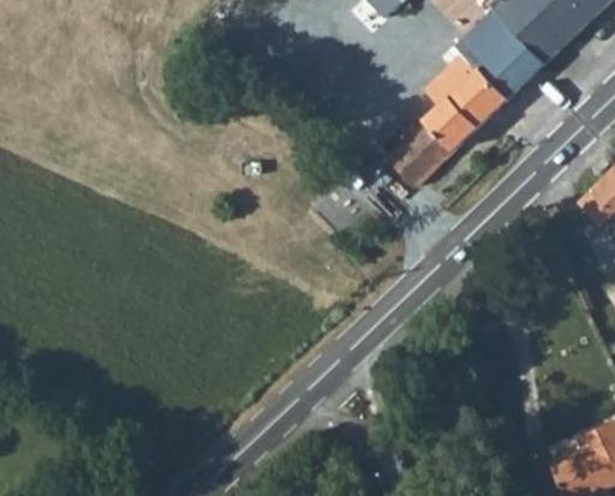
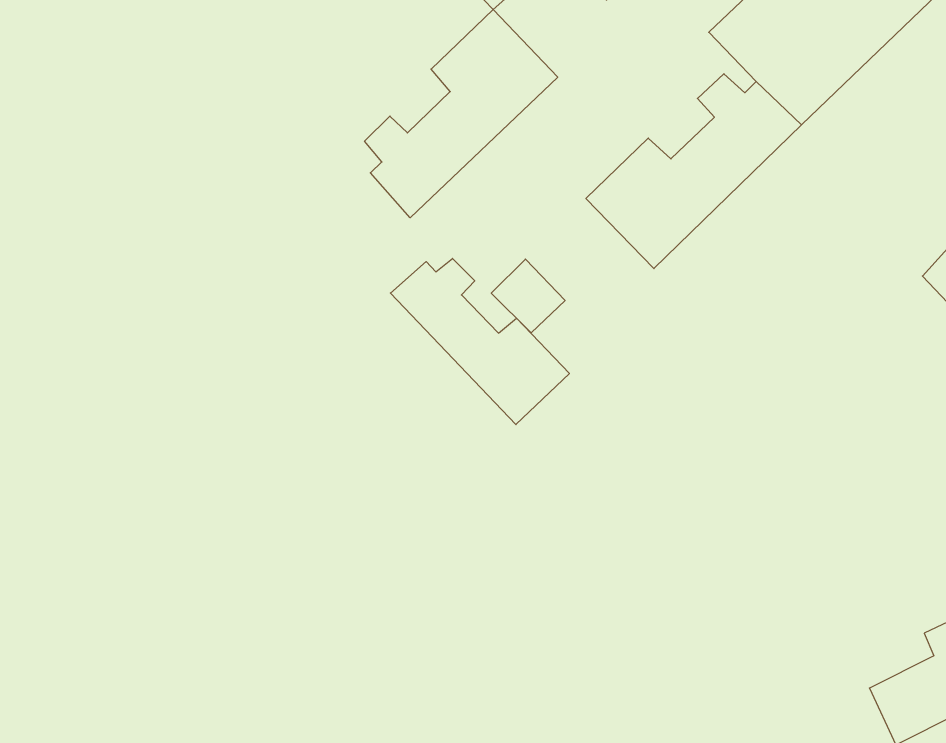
building: none -> [365,10,558,218]
building: none -> [390,258,569,425]

